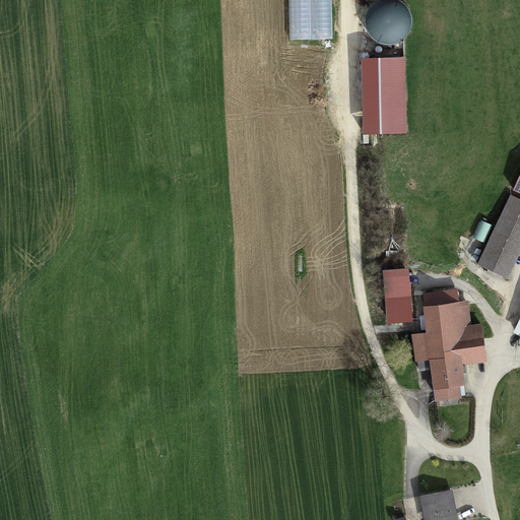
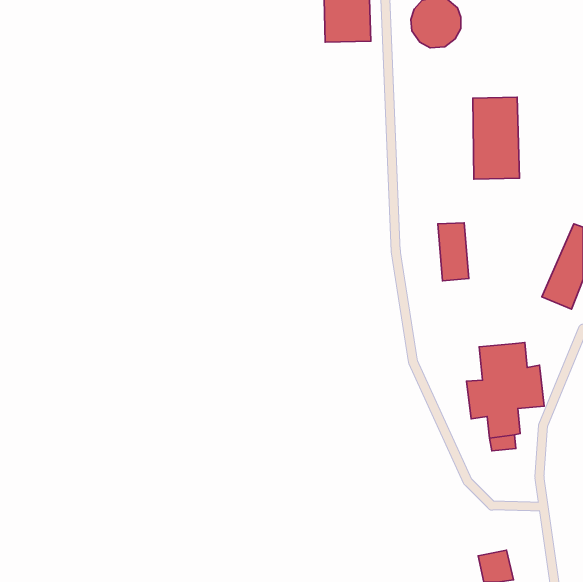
building: [363,58,404,131] -> [473,97,520,179]
building: [384,269,411,321] -> [438,223,469,281]
building: [425,289,459,309] -> none

